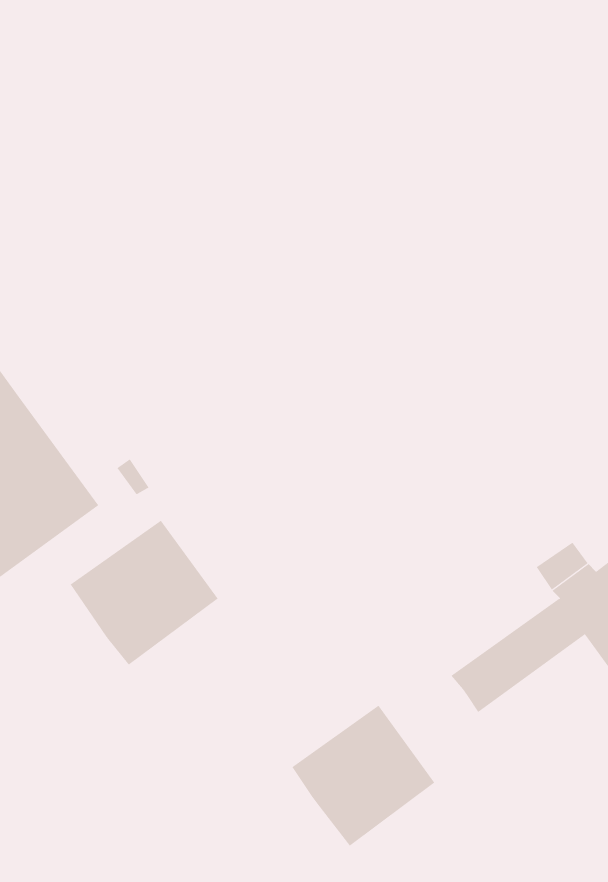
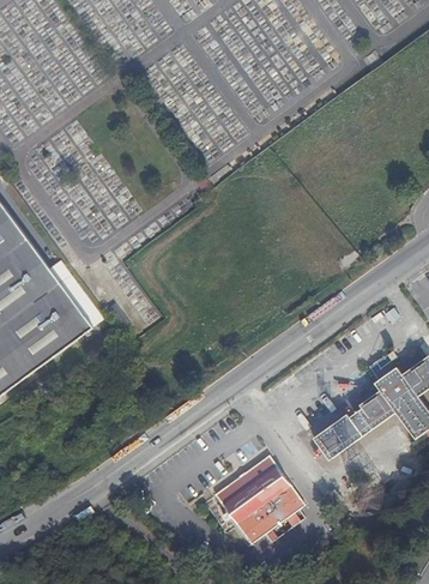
building: [70,520,219,666] -> none

